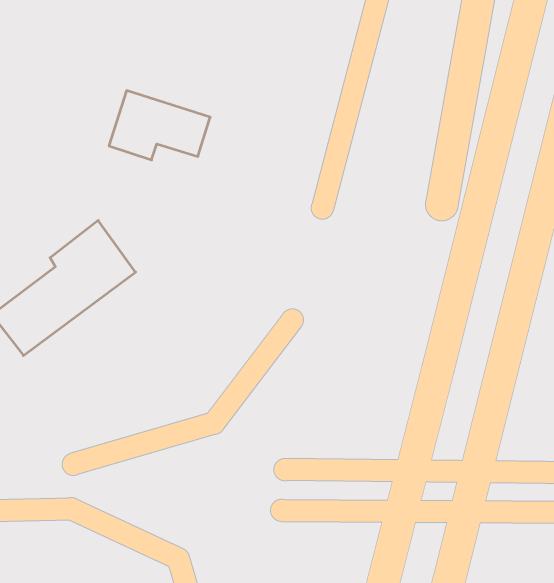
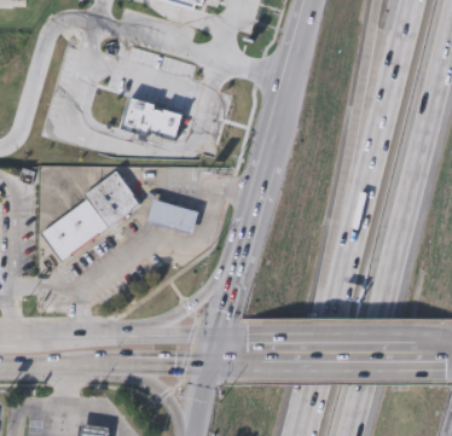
building: none -> [145,199,197,234]

